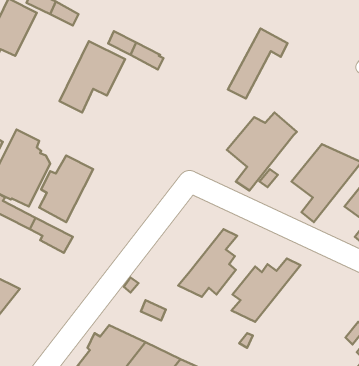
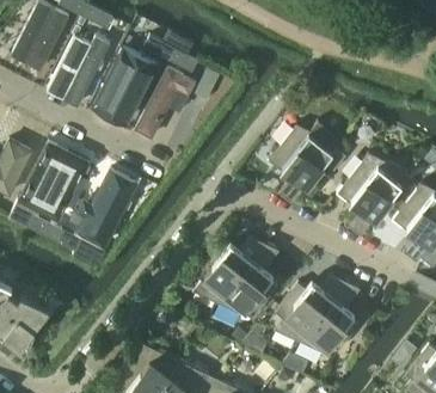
building: [228,28,288,99] -> [134,67,197,141]
building: none -> [48,37,112,108]
building: none -> [194,238,266,305]
building: none -> [300,283,362,355]

